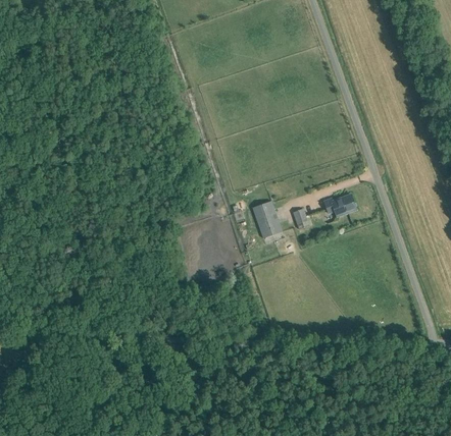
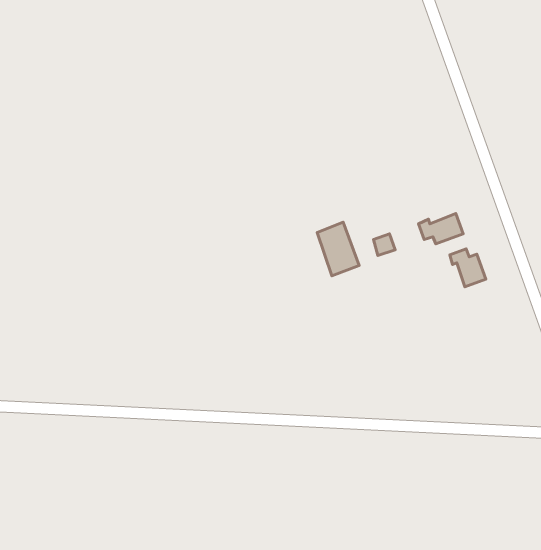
building: none -> [450,249,486,287]

